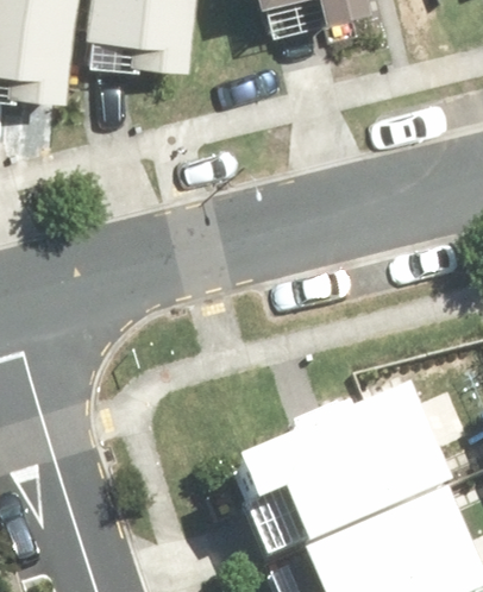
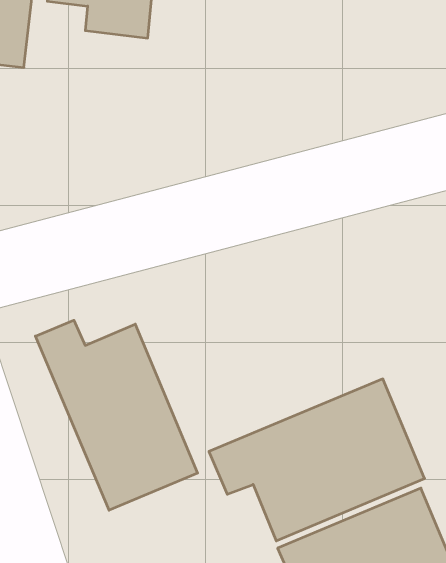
building: none -> [35,320,198,510]

